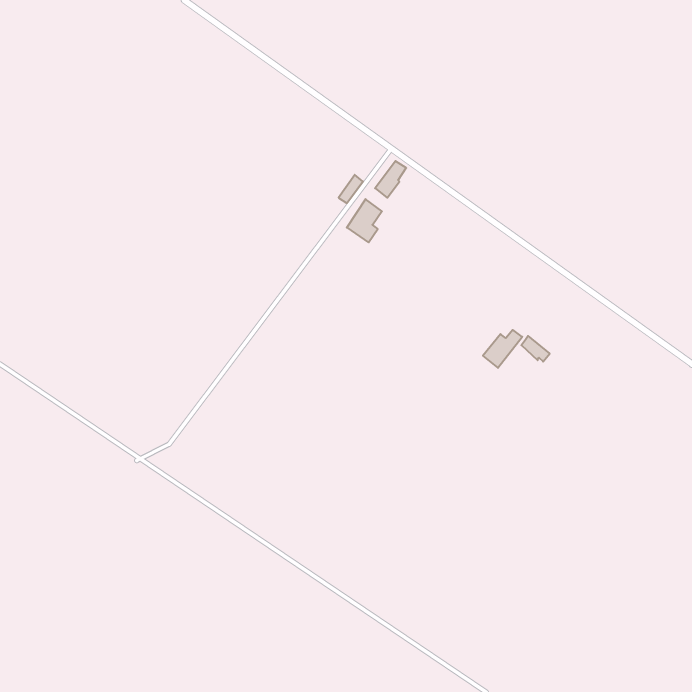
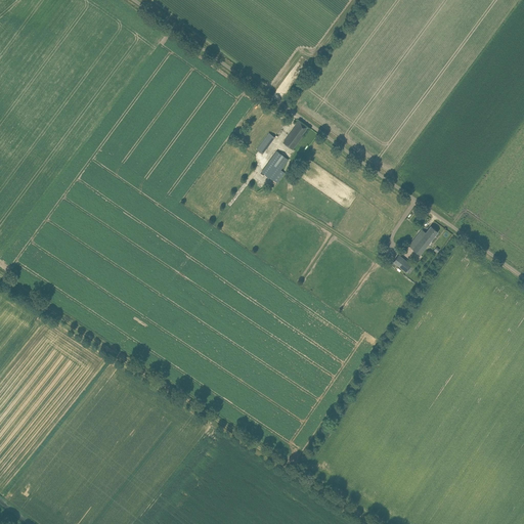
building: [483,330,522,368] -> [408,226,438,255]

